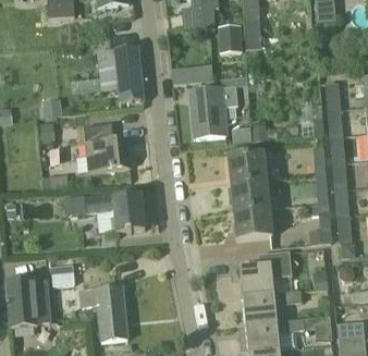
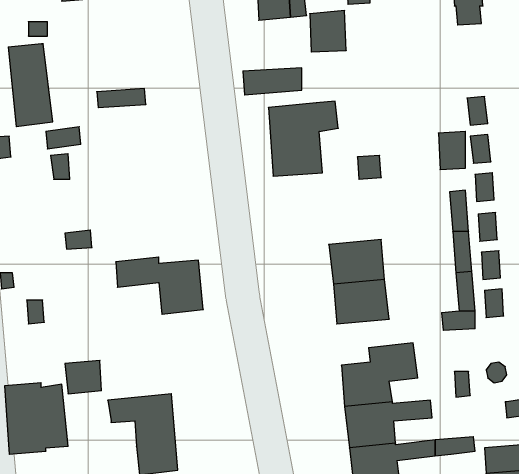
building: [114,46,145,102] -> [8,44,53,127]
building: [84,123,130,172] -> none
building: [229,154,267,184] -> none

